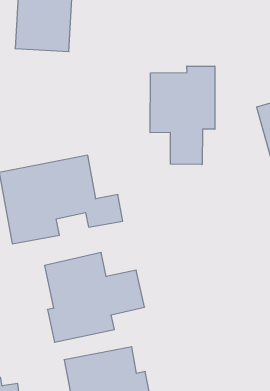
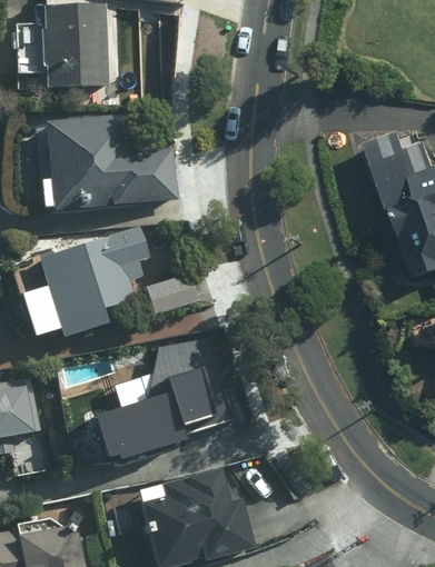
building: [150,66,215,165] -> none
building: none -> [31,115,178,209]

